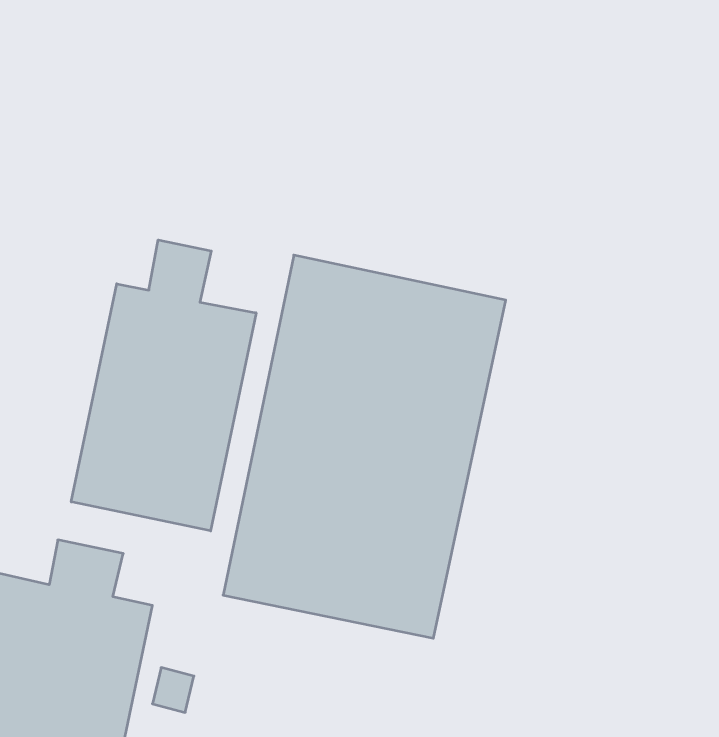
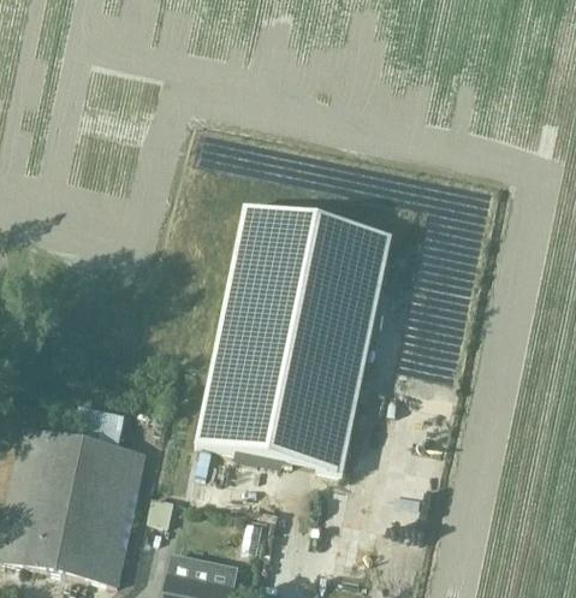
building: [71,240,256,531] -> none

